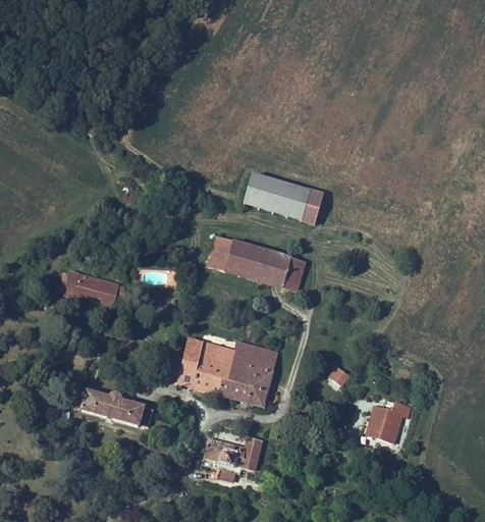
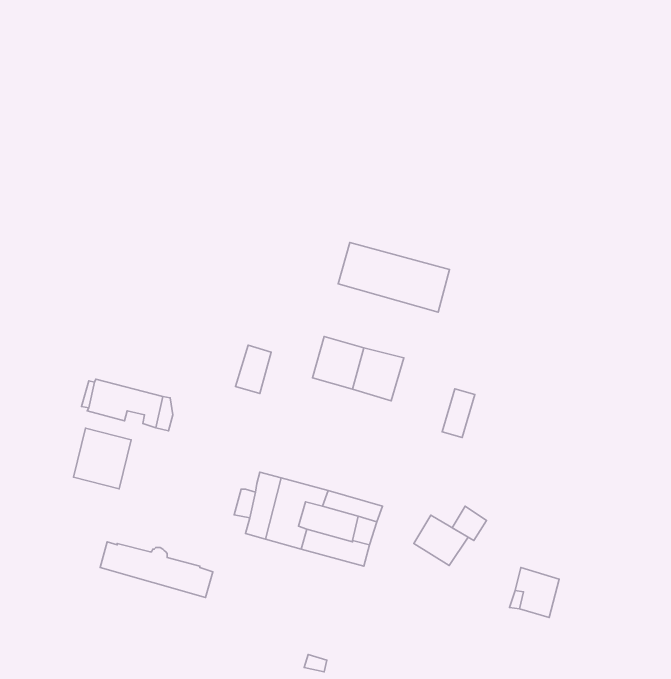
building: [209,236,234,270] -> [235,345,271,394]
building: [282,256,306,291] -> [442,389,475,437]
building: none -> [74,428,131,489]
building: none -> [414,515,468,565]
building: [204,437,262,469] -> none

